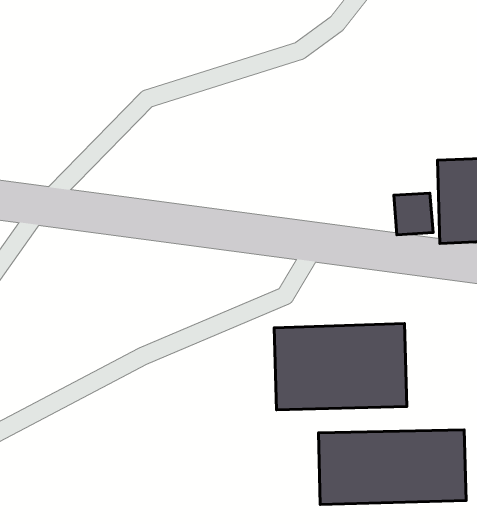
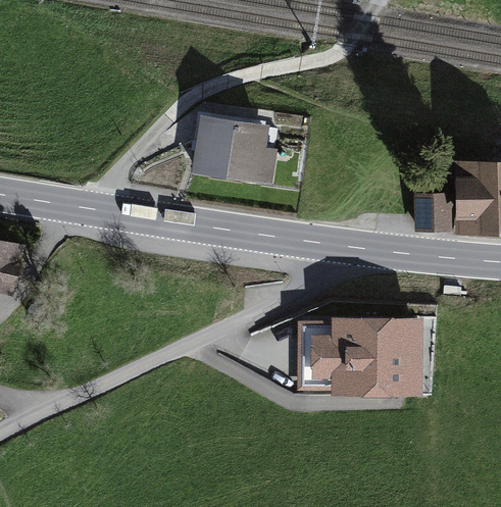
building: none -> [193,117,280,189]
building: [318,430,466,504] -> none

